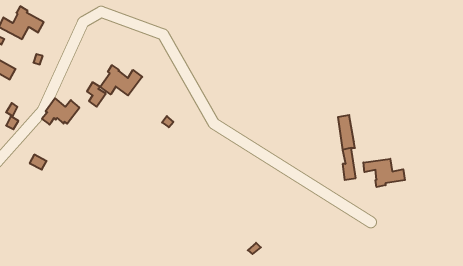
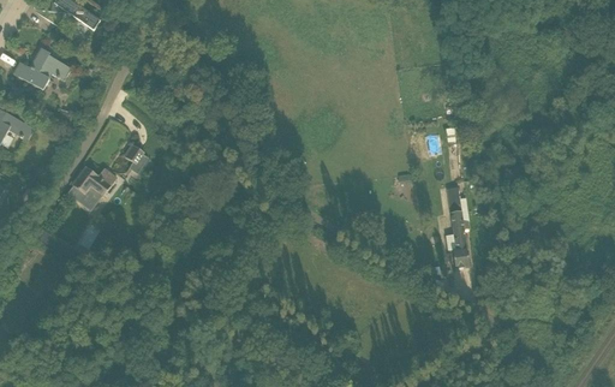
building: [100,65,142,95] -> none
building: [363,159,405,187] -> none

